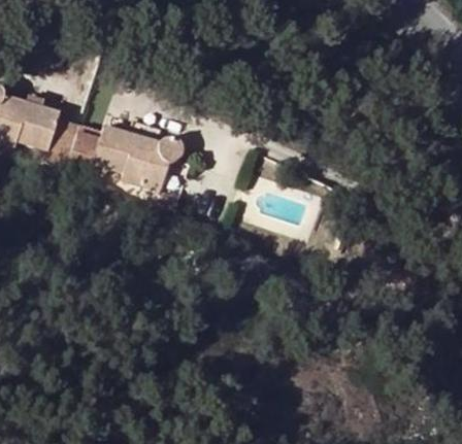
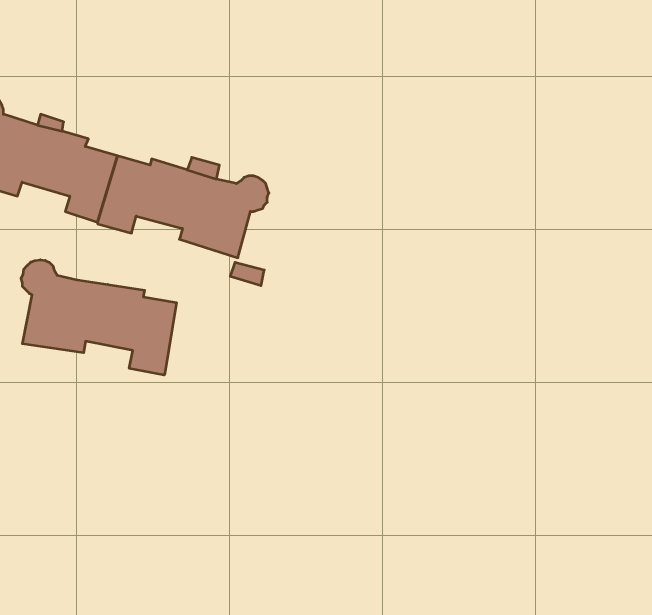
building: none -> [21,260,176,375]

